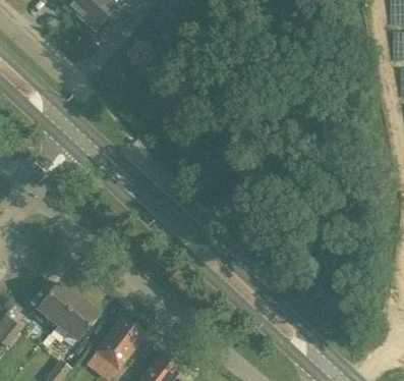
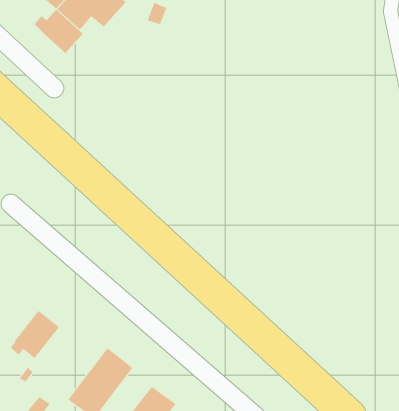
building: none -> [34,9,84,54]
building: [56,296,98,345] -> none

